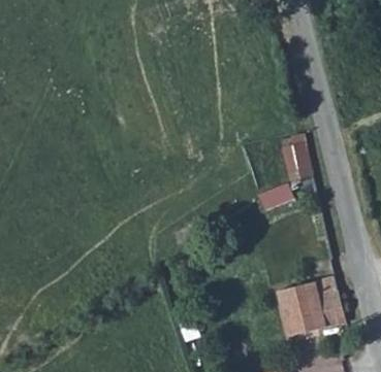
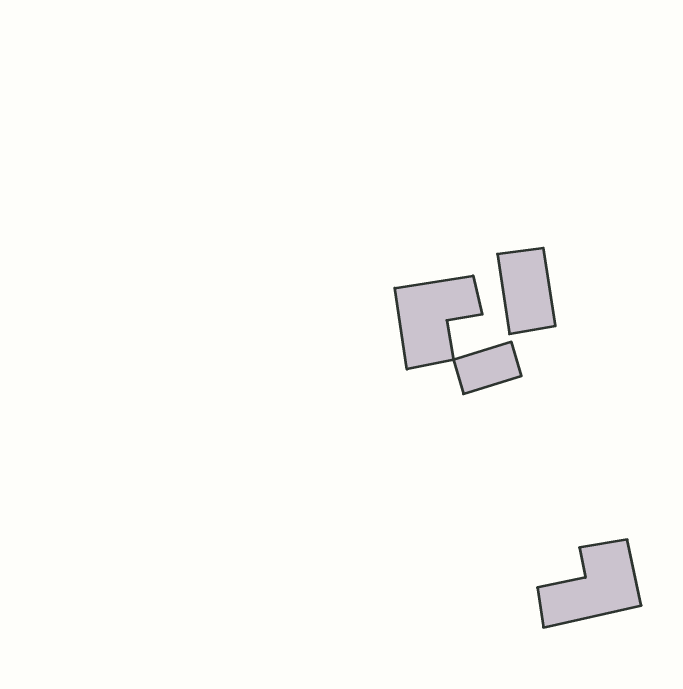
building: none -> [395,276,482,369]
building: [283,277,321,335] -> none

